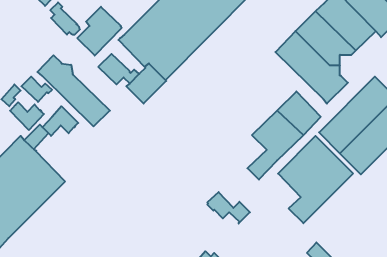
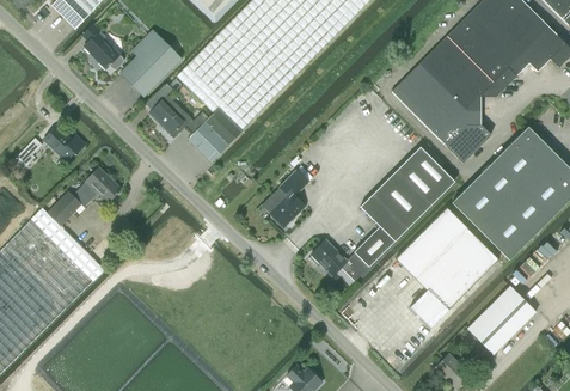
building: [37,55,110,126] -> none
building: [10,102,44,130] -> none
building: none -> [269,170,307,227]
building: [207,192,250,224] -> [309,239,368,282]
building: none -> [466,286,534,354]

